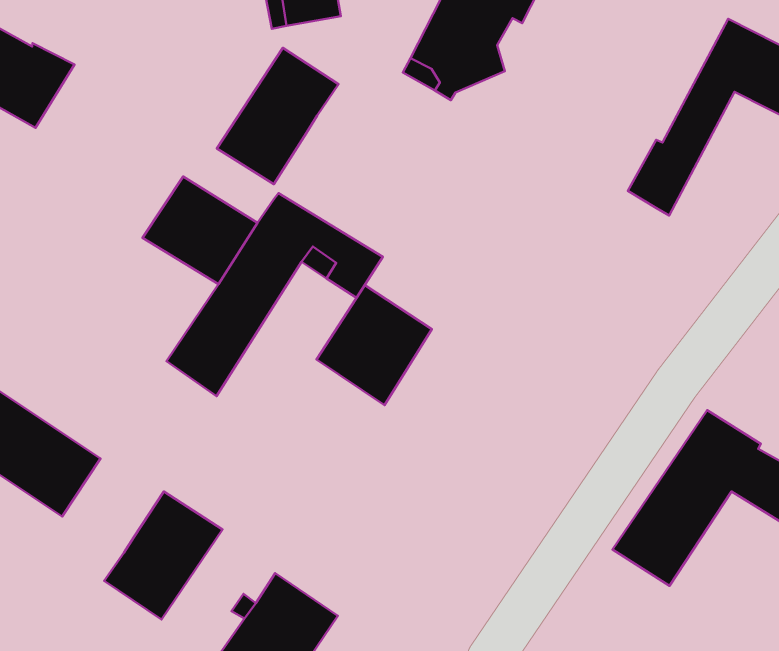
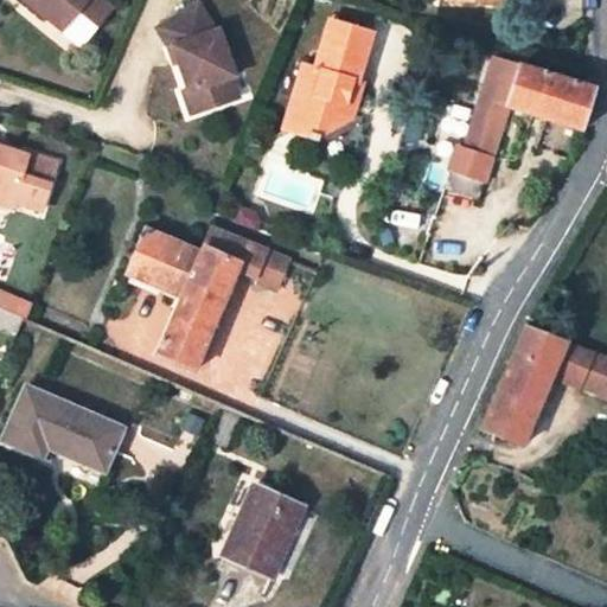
building: [217,48,339,184] -> none
building: [316,285,432,405] -> none
building: [104,491,222,620] -> none

